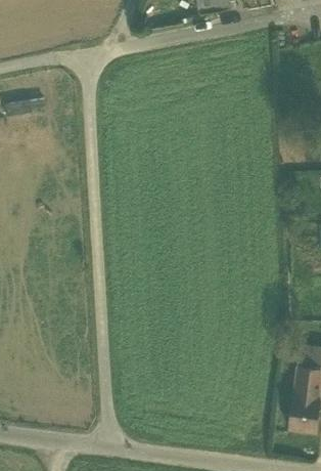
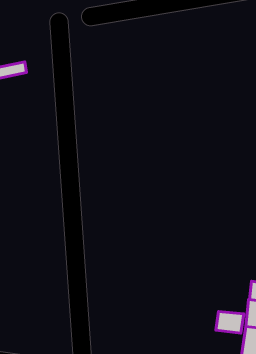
building: none -> [216,311,244,333]

